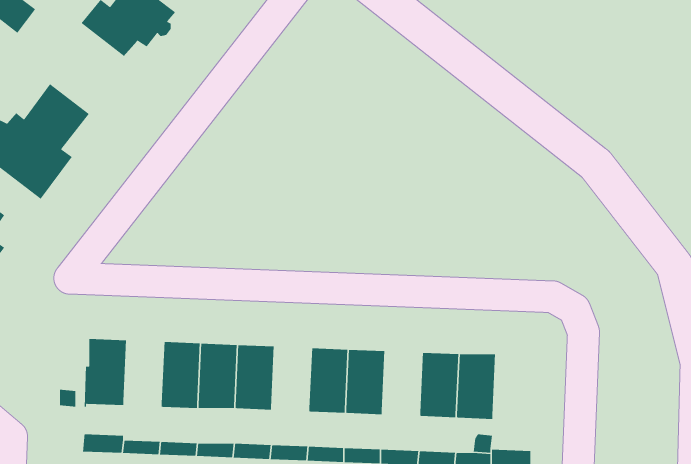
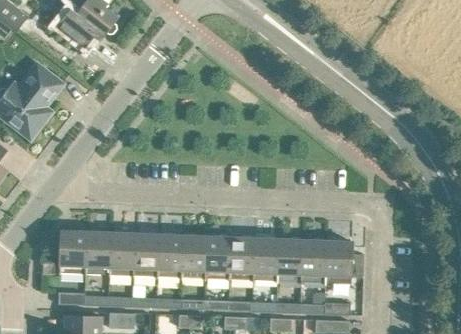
building: none -> [85,231,111,277]
building: none -> [181,235,207,280]
building: none -> [253,238,279,283]
building: none -> [325,240,352,285]

